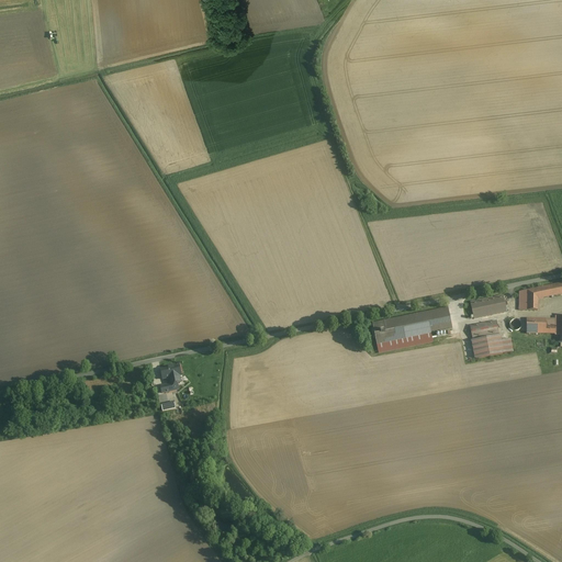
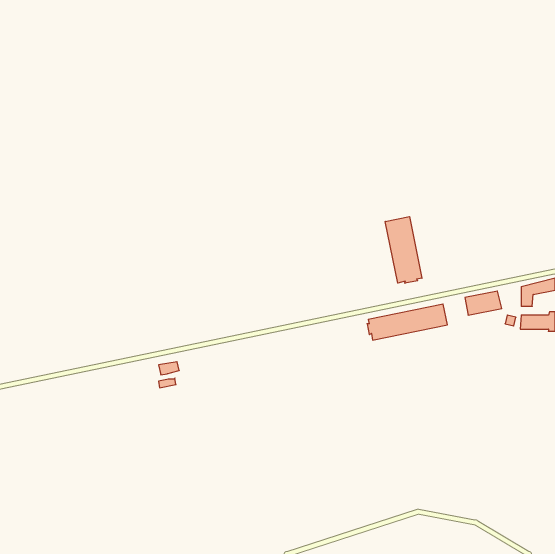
building: none -> [385,217,422,283]
building: [472,318,513,358] -> none

